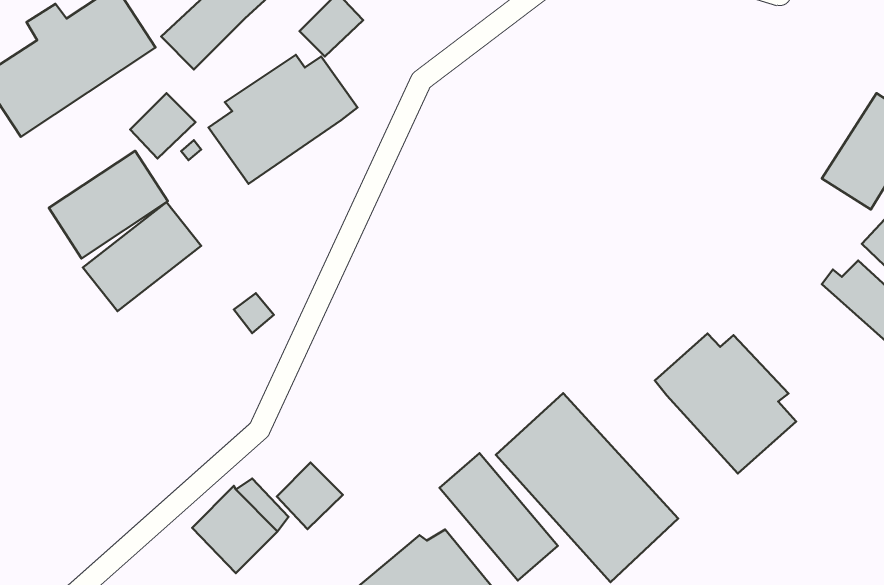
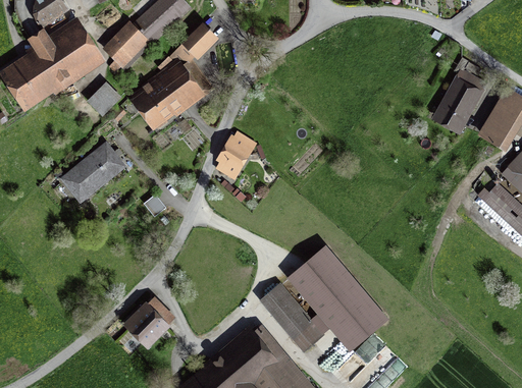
building: none -> [430,65,485,126]
building: [49,151,168,258] -> none
building: none -> [216,132,258,179]
building: [655,334,796,473] -> none
building: [277,463,343,529] -> none

